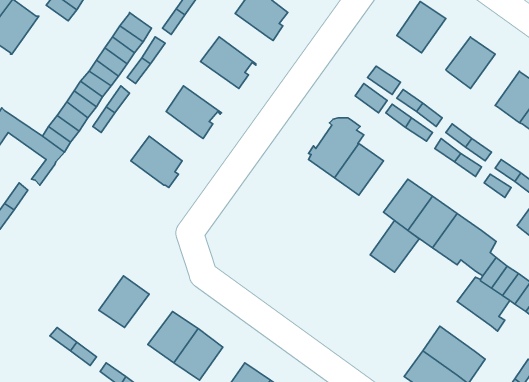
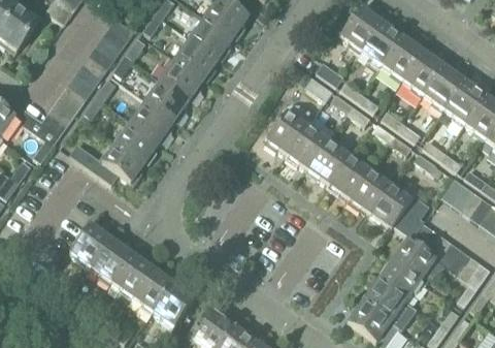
building: none -> [191,17,233,59]
building: none -> [361,21,402,64]
building: none -> [402,51,443,94]
building: none -> [161,57,207,100]
building: none -> [132,99,174,143]
building: none -> [69,140,144,184]
building: [370,221,419,272] -> [308,140,350,184]
building: none -> [69,223,110,266]
building: none -> [111,253,152,295]
building: none -> [376,259,420,300]

